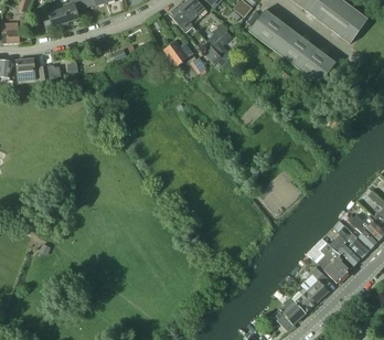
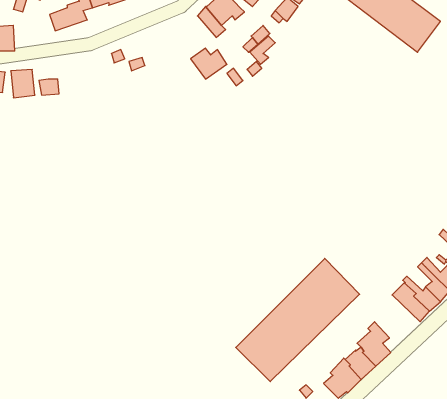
building: [248,9,335,84] -> none
building: none -> [236,258,360,382]
building: [316,242,352,283] -> none

